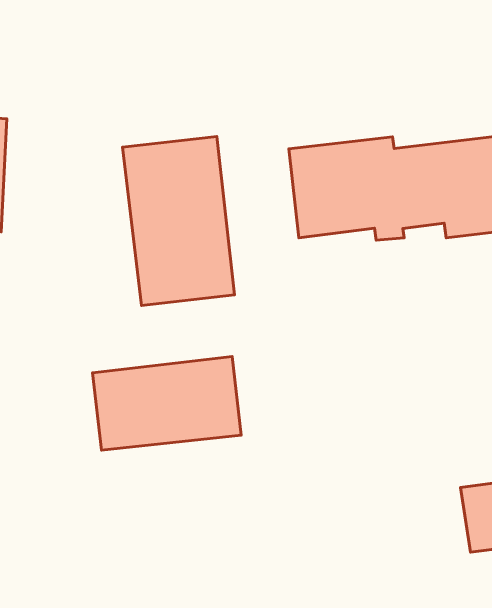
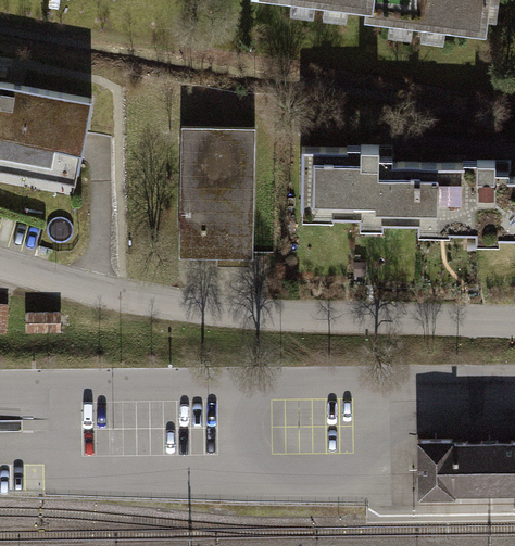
building: [93,357,241,450] -> none

